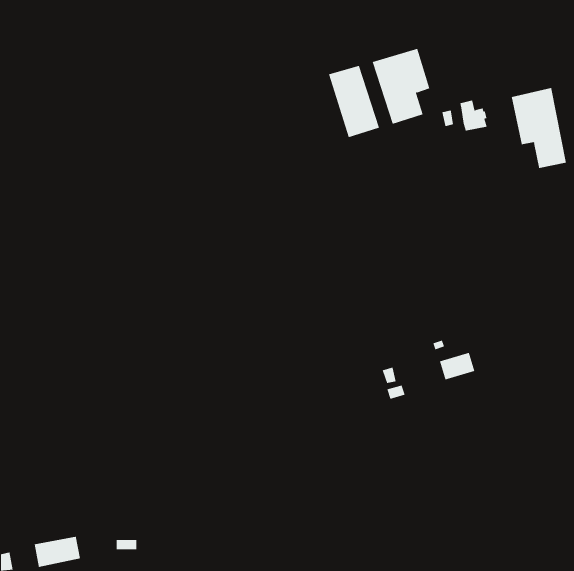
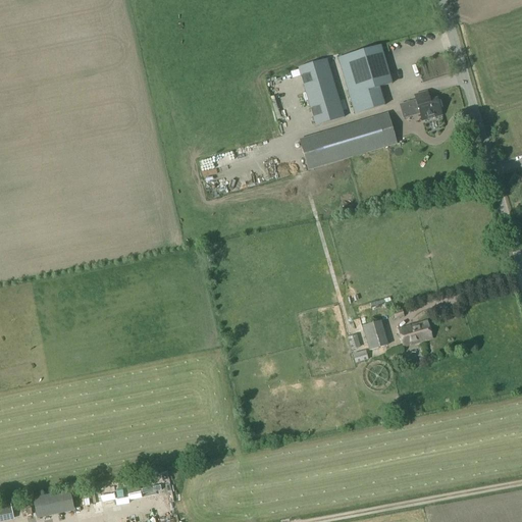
building: [511,87,567,169] -> none
building: none -> [300,112,398,170]
building: none -> [361,320,387,351]

